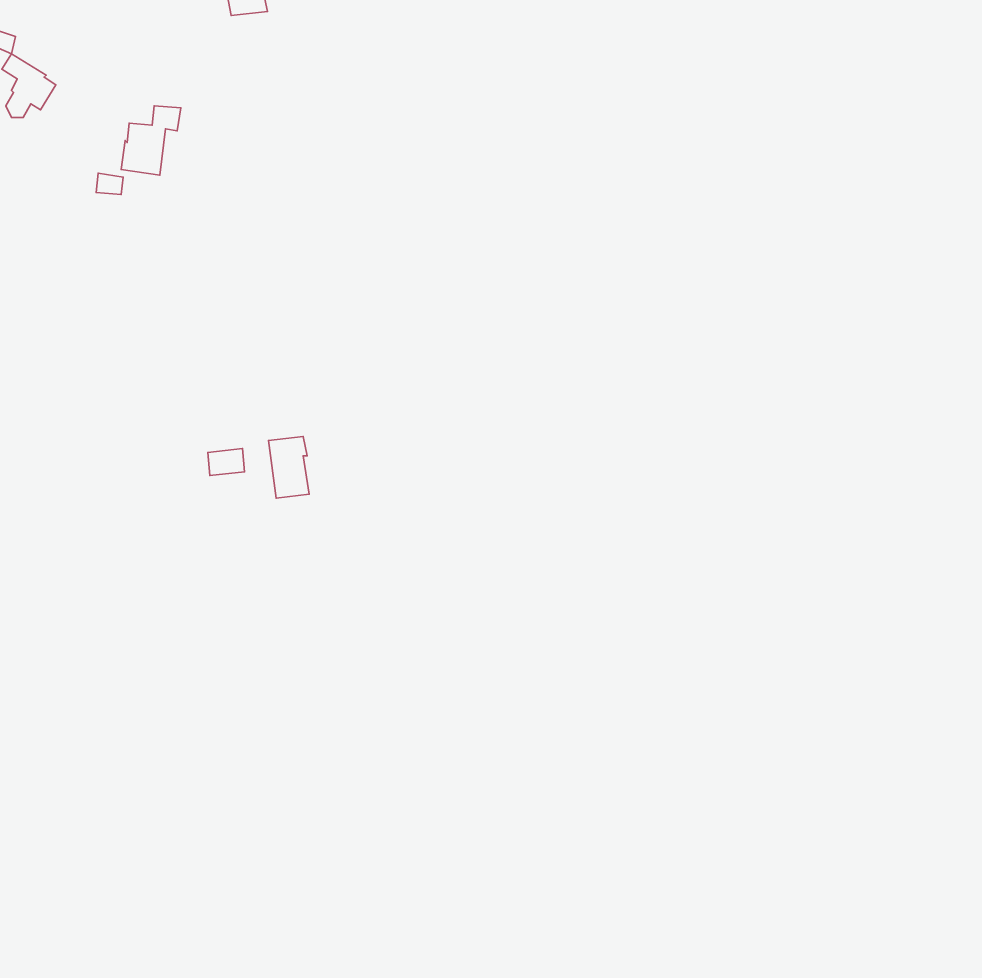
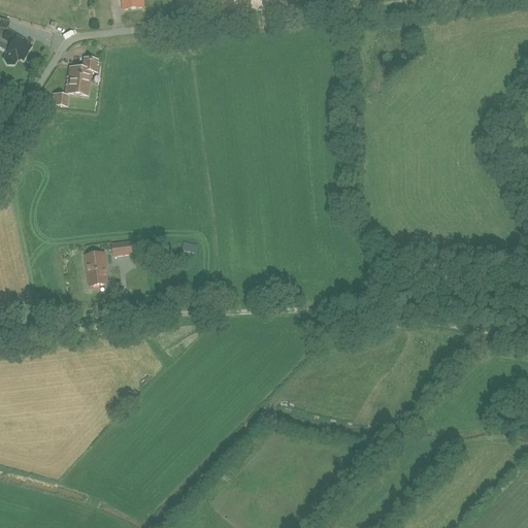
building: [269,437,309,498] -> [85,252,106,285]

